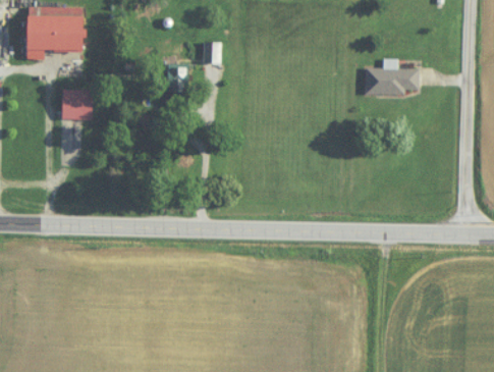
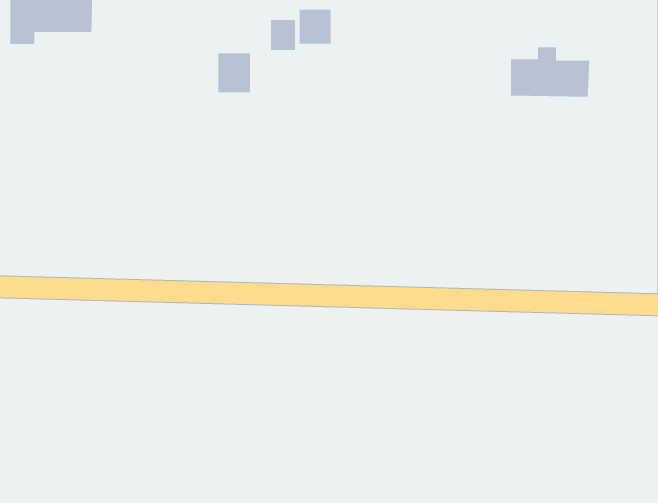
building: none -> [299,9,332,45]
building: [61,89,92,118] -> none

